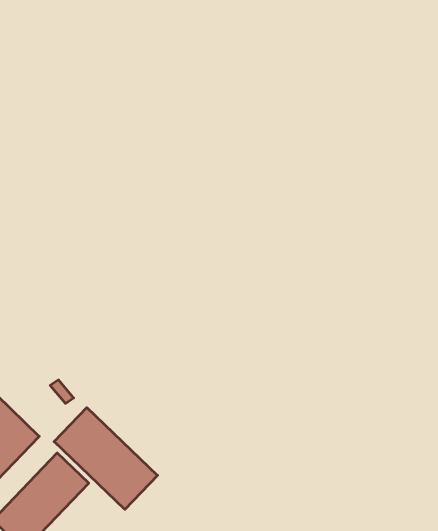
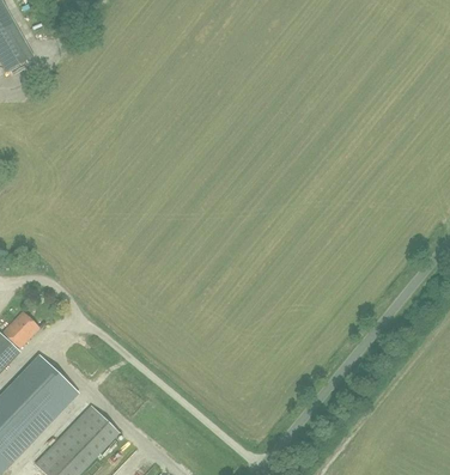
building: [54,408,158,509] -> none

